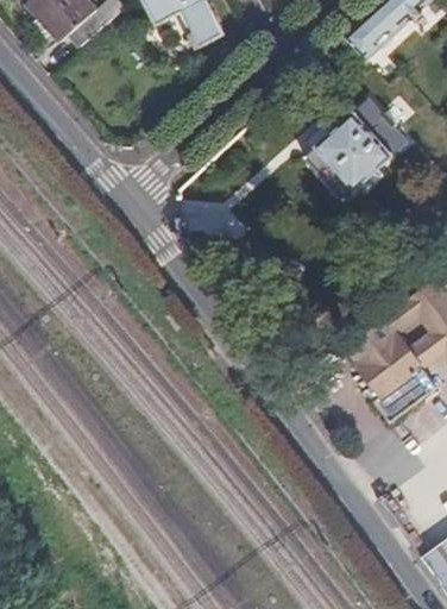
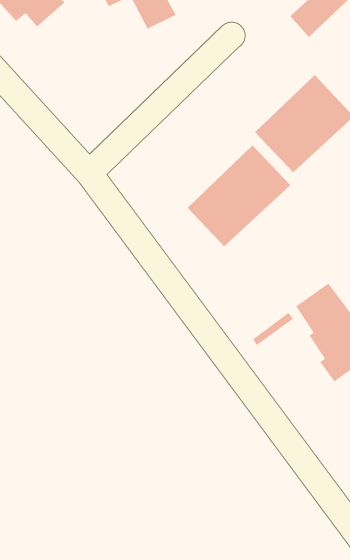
building: none -> [187,145,291,247]

